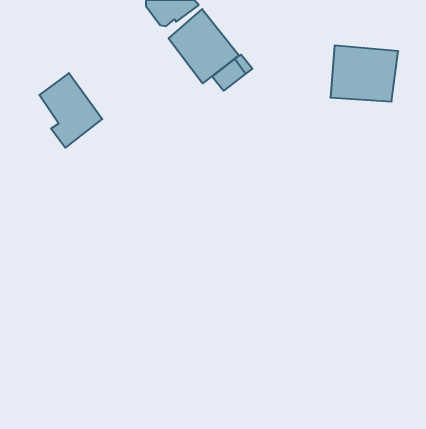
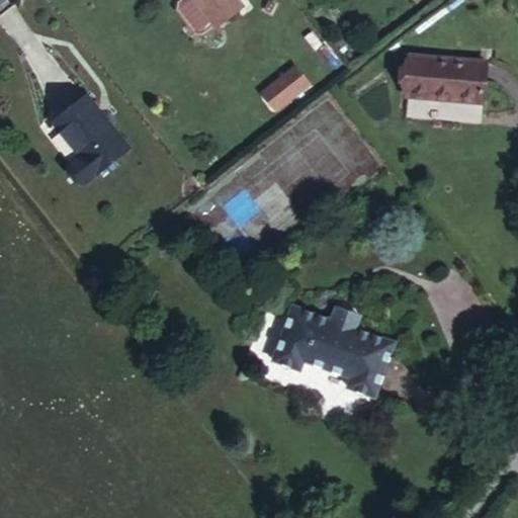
building: [169,9,239,83] -> none
building: none -> [274,299,397,392]

